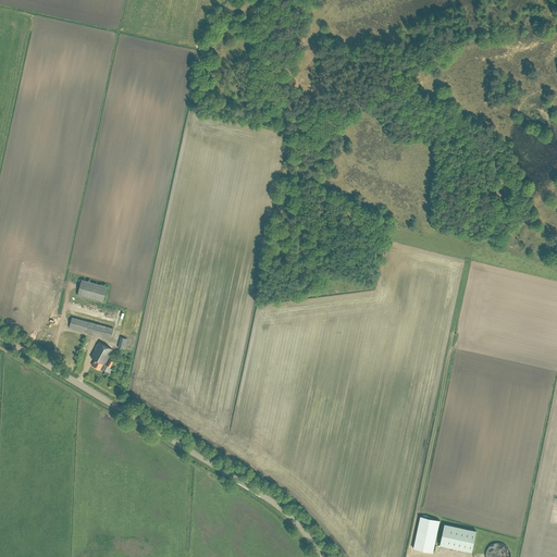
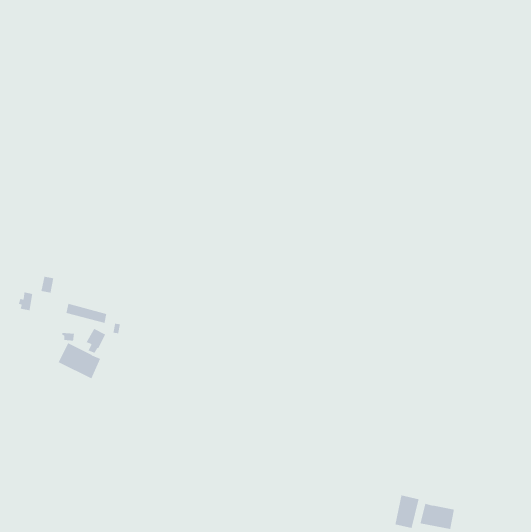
building: [76,278,107,302] -> none
building: none -> [58,342,101,380]

